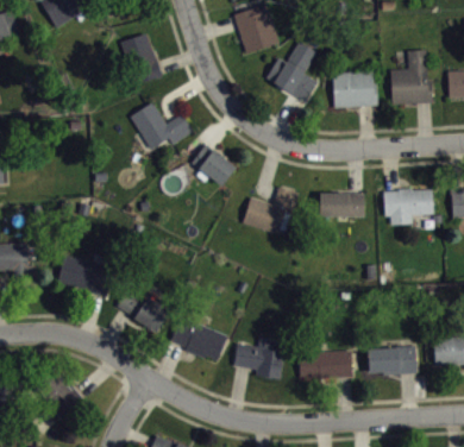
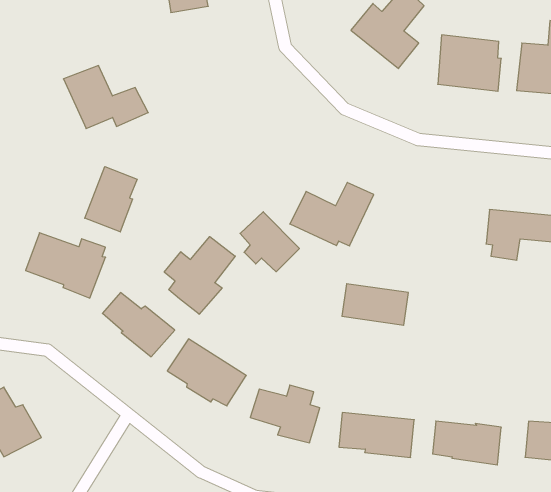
building: [130,102,194,149] -> [63,66,148,129]
building: [192,144,236,185] -> [240,212,299,272]
building: [320,193,365,216] -> [342,284,408,325]
building: none -> [85,167,137,232]
building: none -> [164,237,235,314]

